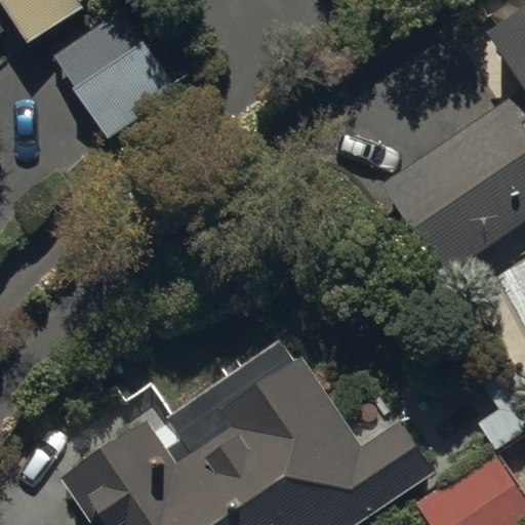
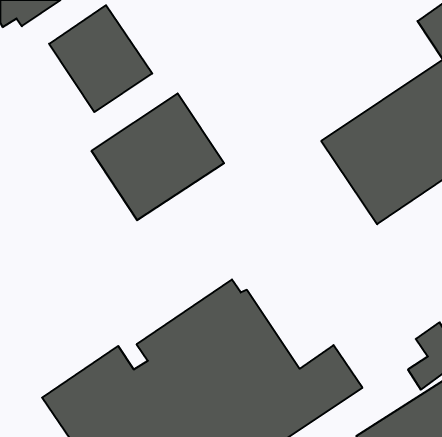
building: none -> [92,93,224,220]

